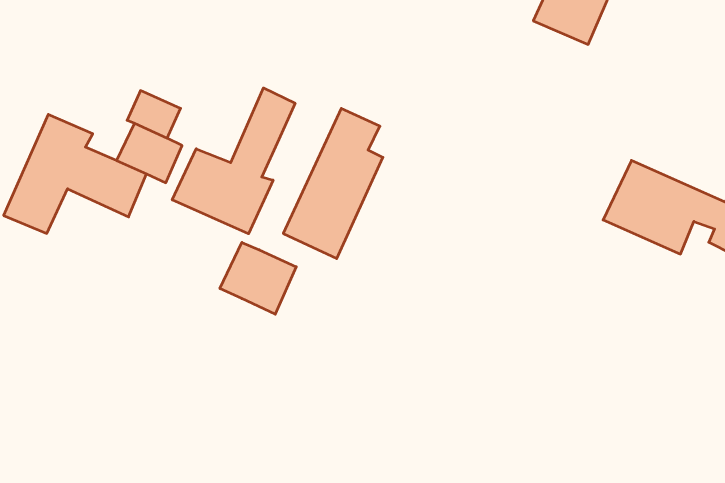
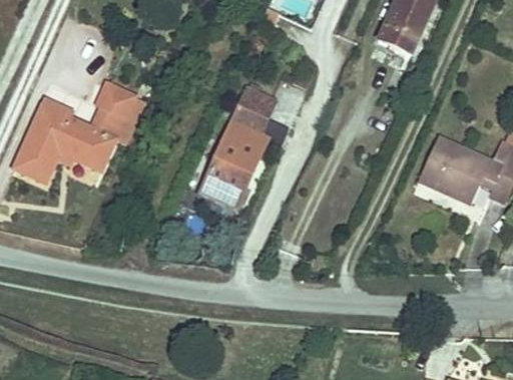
building: [172,88,295,234] -> none
building: [220,242,296,314] -> none

